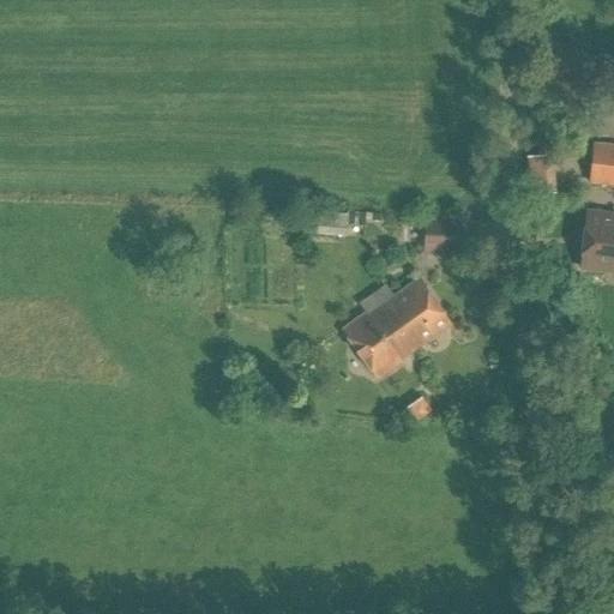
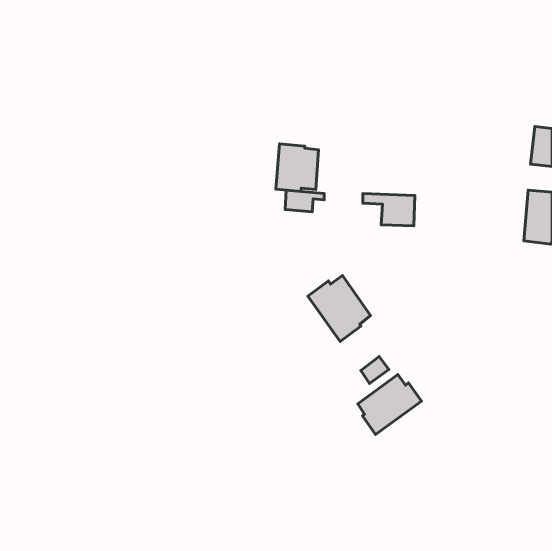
building: none -> [276,144,319,191]
building: [380,278,451,350] -> none
building: none -> [358,375,421,435]

